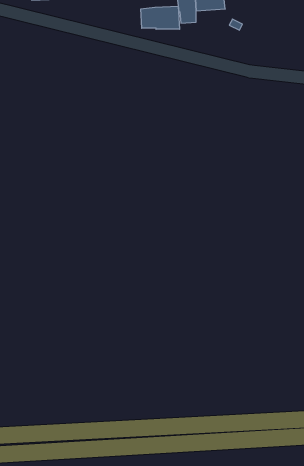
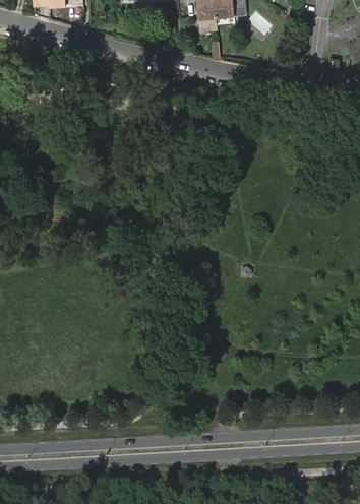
building: [141,6,180,29] -> none

